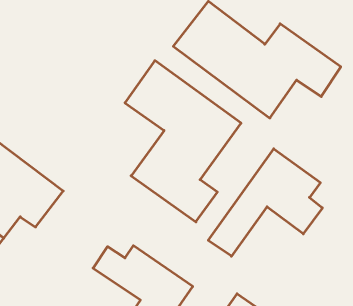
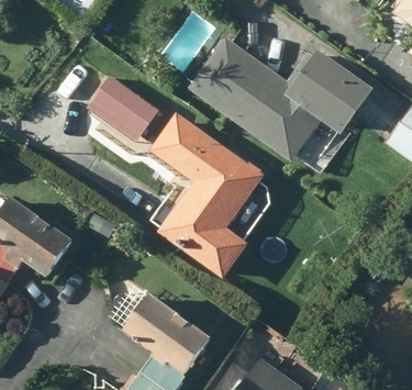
building: none -> [86,76,158,143]
building: [208,149,322,256] -> none

